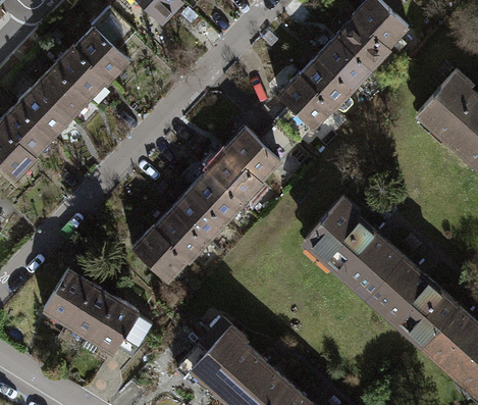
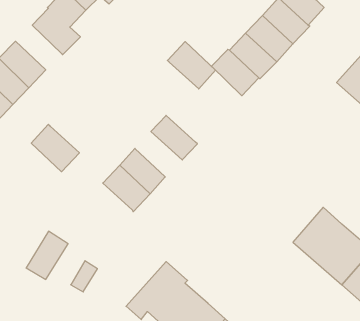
building: [53,48,106,100] -> none
building: [223,129,278,183] -> [167,42,216,89]
building: [190,170,244,222] -> none
building: [308,199,405,297] -> none
building: [131,227,187,282] -> [31,124,79,172]
building: [41,270,91,326] -> none
building: [88,299,137,354] -> none

